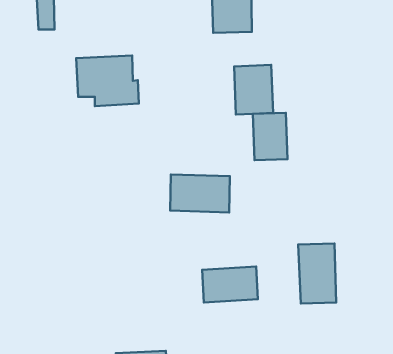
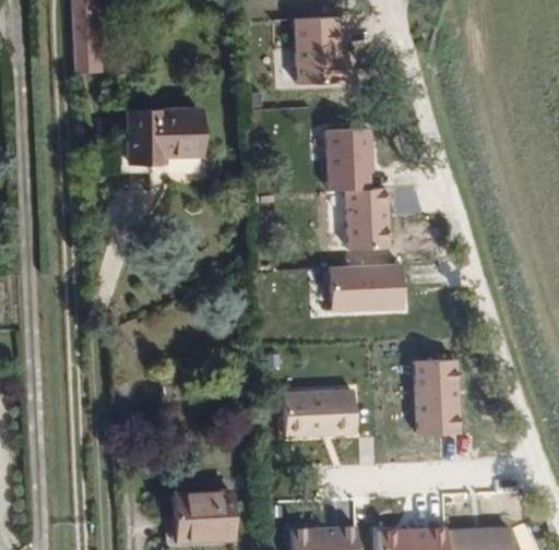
building: [170,174,230,212] -> [330,265,407,314]

